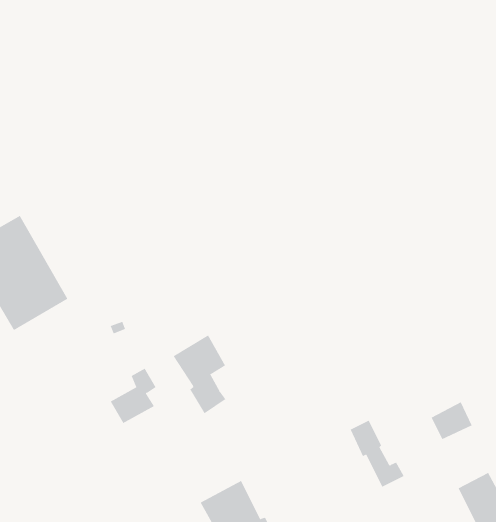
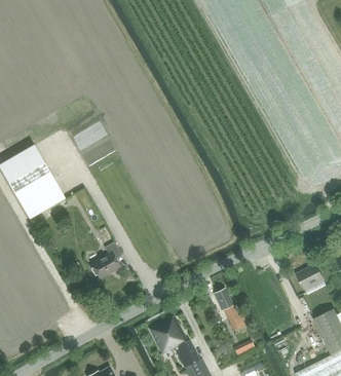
building: [173,335,226,414] -> none
building: [350,420,404,487] -> [215,289,250,332]

